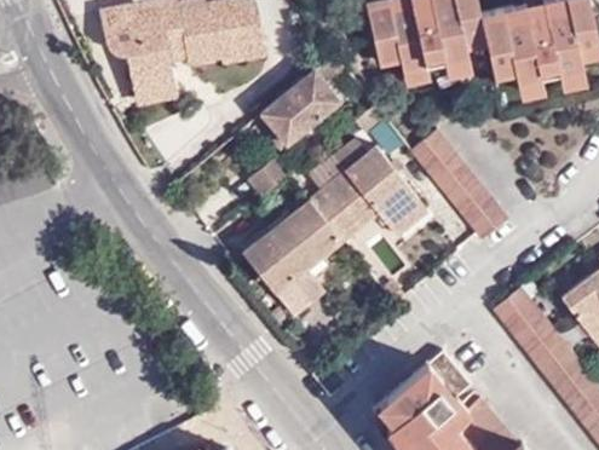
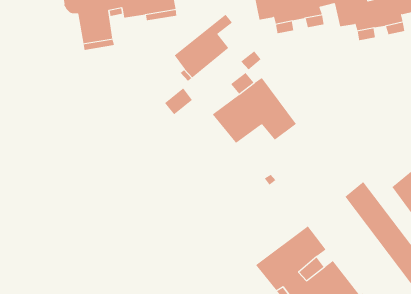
building: [410,133,507,242] -> none
building: [248,197,345,312] -> none

